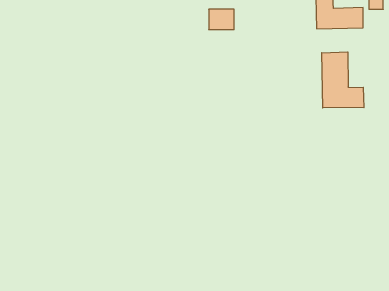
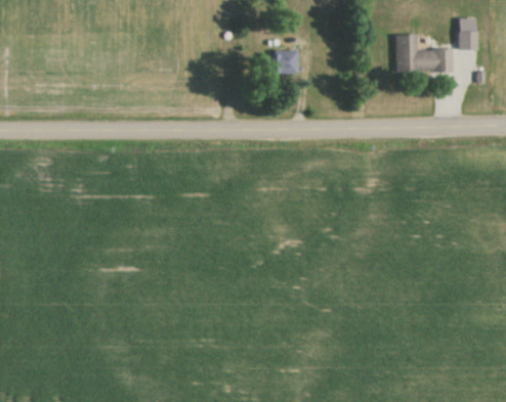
building: [322,52,364,108] -> none

